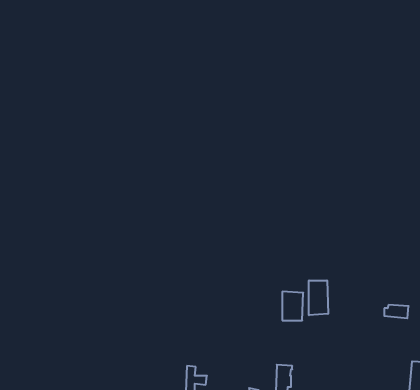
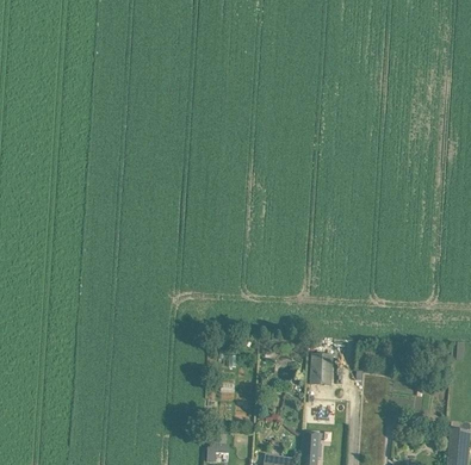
building: [309,280,328,315] -> none

